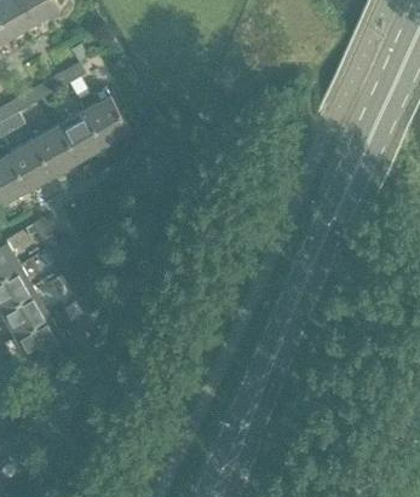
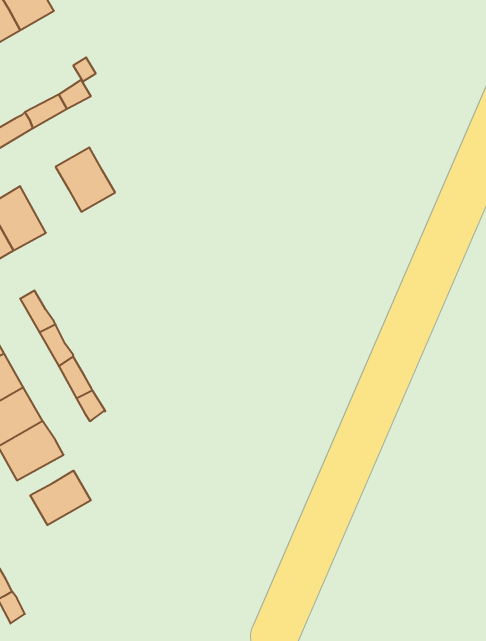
building: [84,89,127,146] -> none
building: [31,127,77,177] -> none
building: none -> [30,471,91,525]

